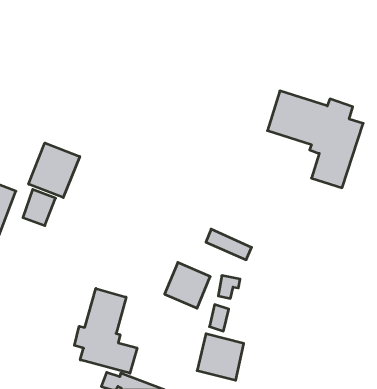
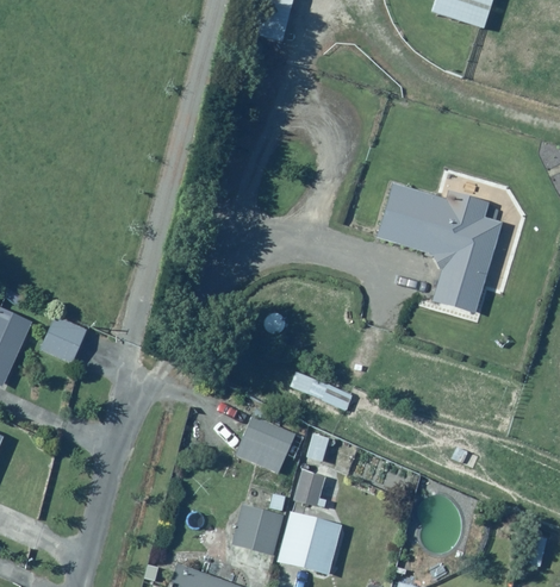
building: [29,143,80,198] -> none
building: [74,288,137,373] -> none
building: none -> [229,504,284,556]

